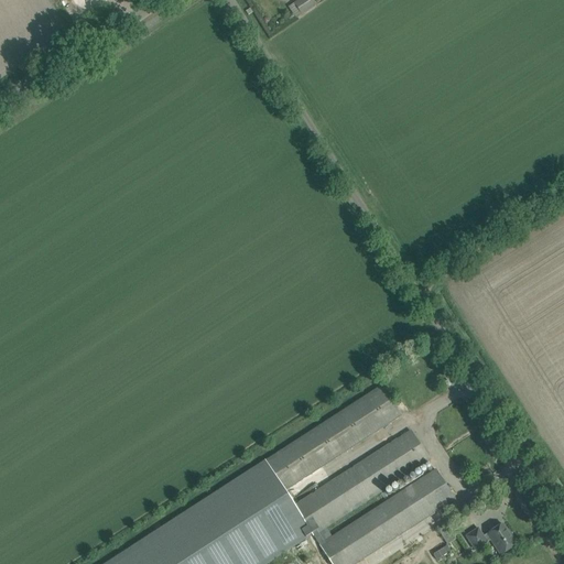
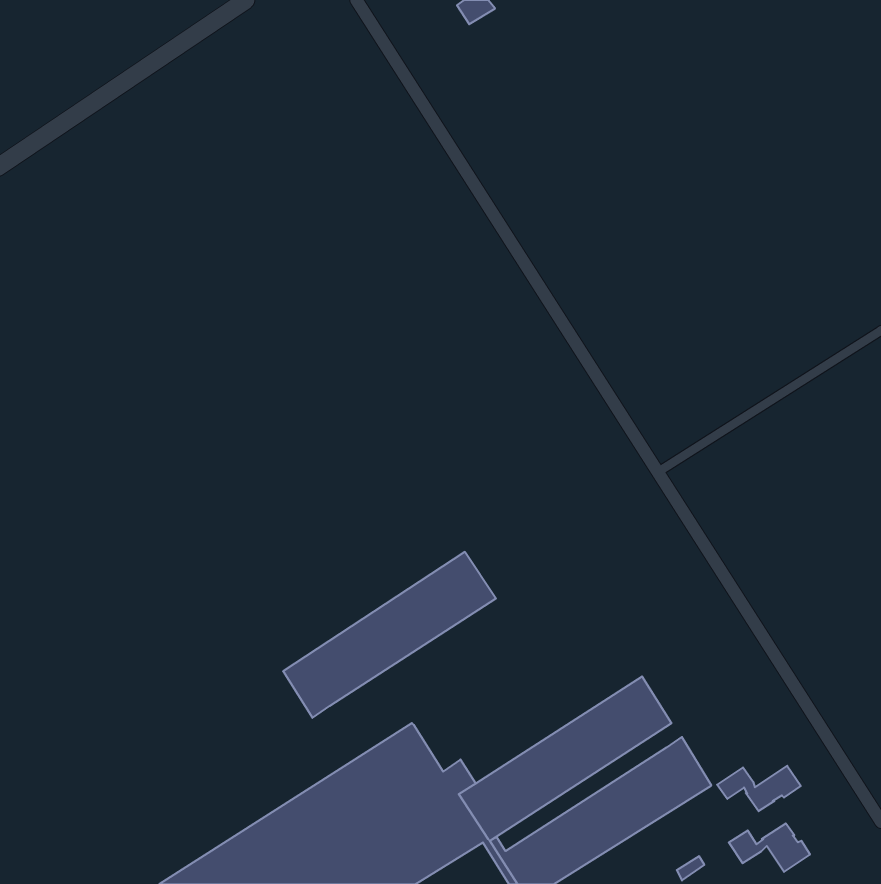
building: [263,386,399,491] -> [283,552,496,718]
building: none -> [717,766,801,811]

